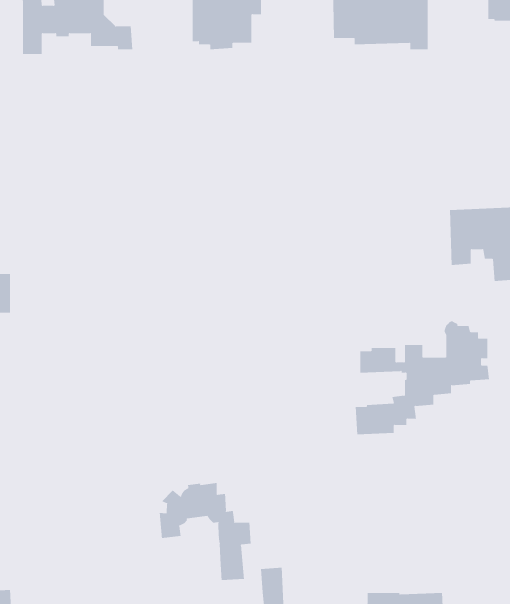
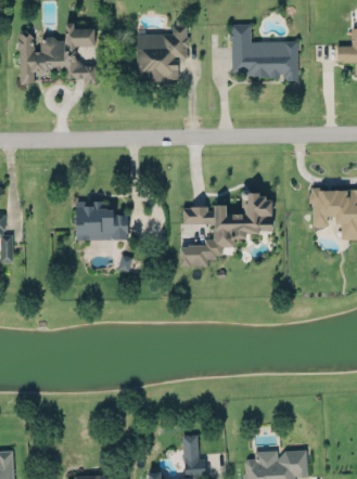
building: none -> [75,200,128,239]
building: [355,321,490,435] -> [180,187,272,266]
building: [159,482,251,581] -> none

